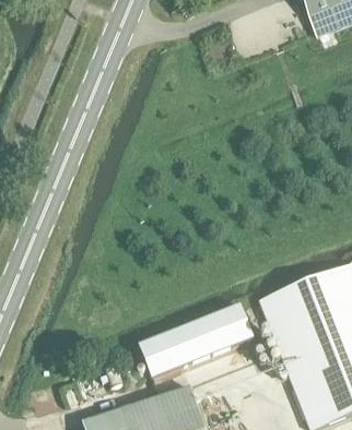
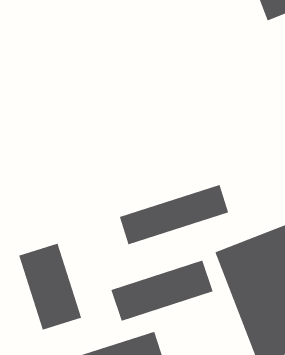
building: none -> [119,184,229,245]
building: none -> [18,243,82,330]

